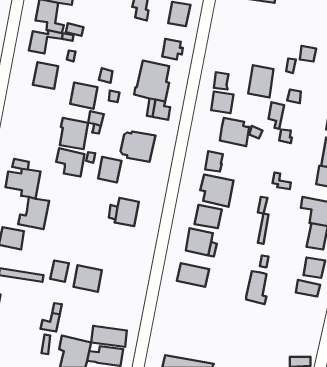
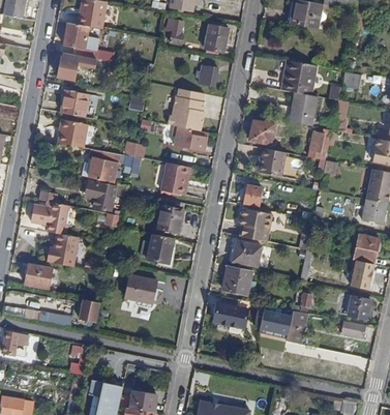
building: none -> [282,60,314,95]
building: [70,82,97,109] -> [58,119,87,147]
building: [98,157,122,182] -> [157,205,182,232]
building: none -> [261,304,293,337]
building: [73,265,102,292] -> [125,274,155,302]
building: [91,326,127,347] -> none

